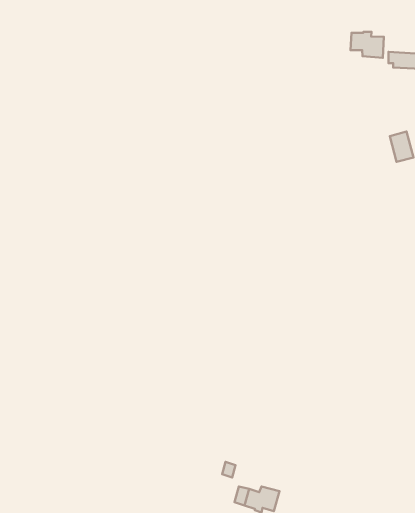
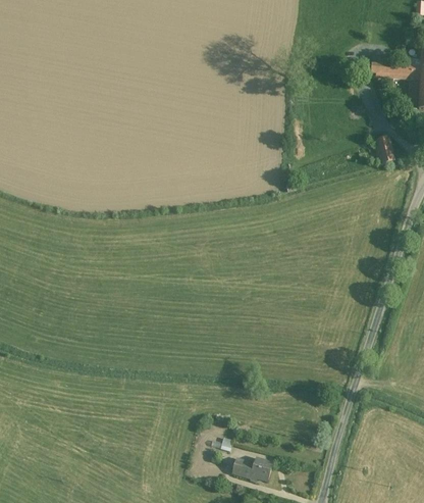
building: [351,32,384,58] -> none

